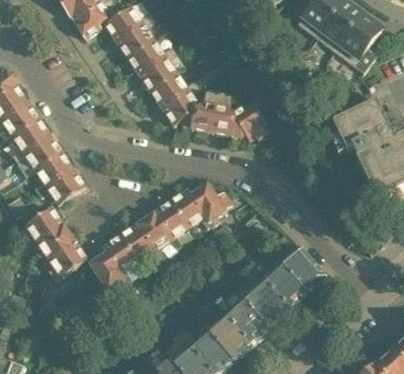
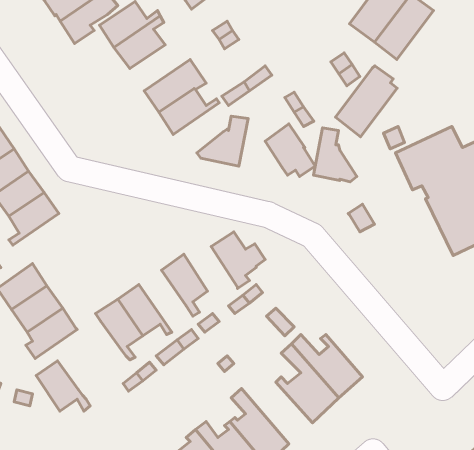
building: [332,9,380,64] -> [335,66,397,137]
building: [127,38,173,73] -> none
building: [160,82,199,125] -> none
building: [211,94,244,136] -> [313,128,357,182]
building: [36,167,84,204] -> none
building: [168,186,210,227] -> none
building: [134,211,170,258] -> none
building: [277,234,321,293] -> none
building: [88,250,130,289] -> [36,361,90,411]
building: [213,296,267,345] -> none

